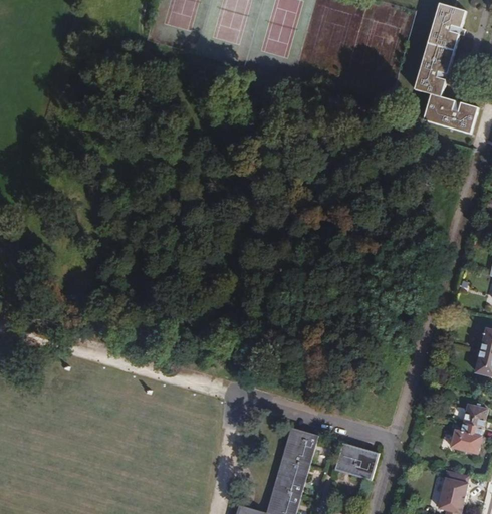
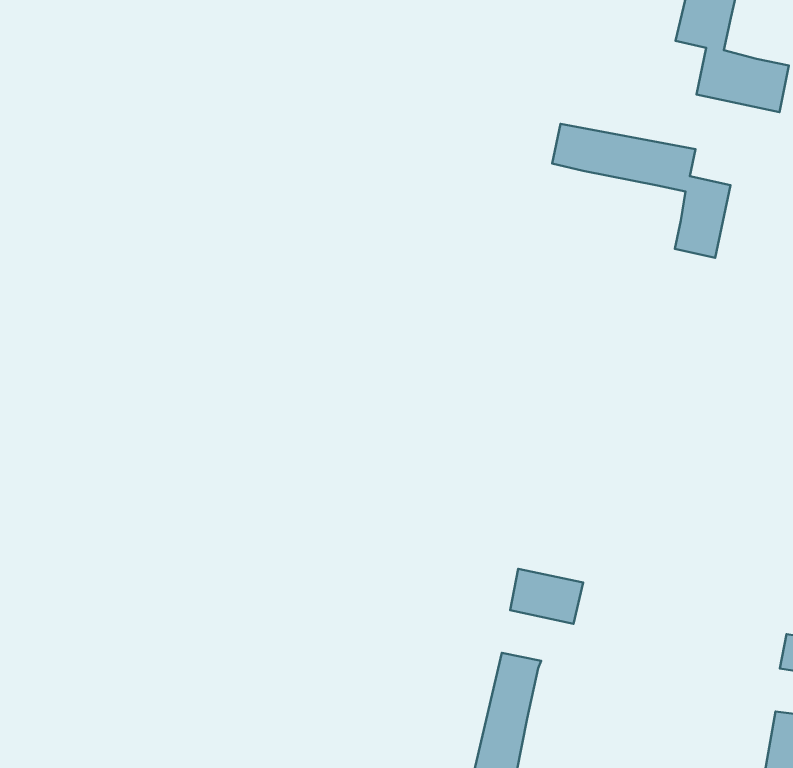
building: none -> [552,124,731,258]
building: [334,444,377,477] -> [510,569,583,624]

